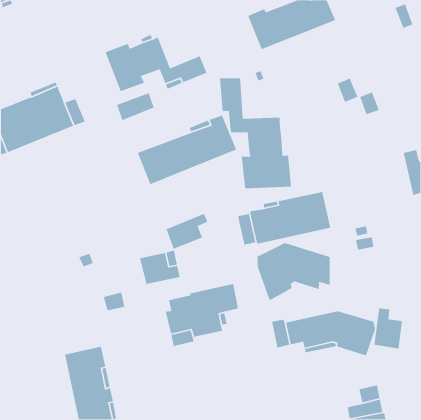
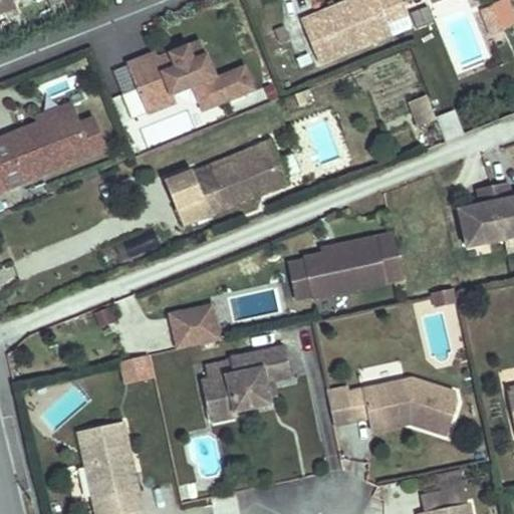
building: [219,77,292,189] -> none
building: none -> [454,186,503,247]
building: [165,213,209,250] -> none
building: [257,242,330,301] -> none
building: [374,308,403,349] -> none

